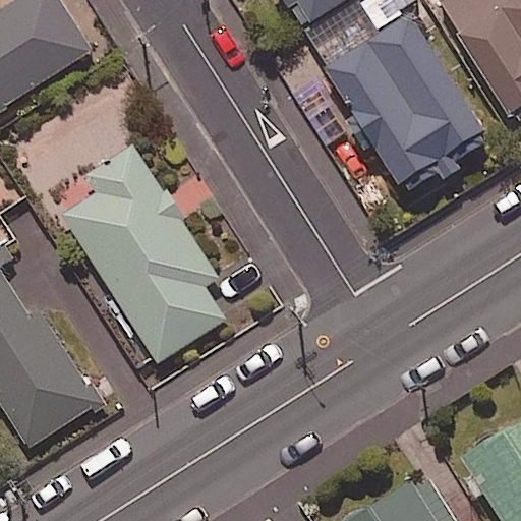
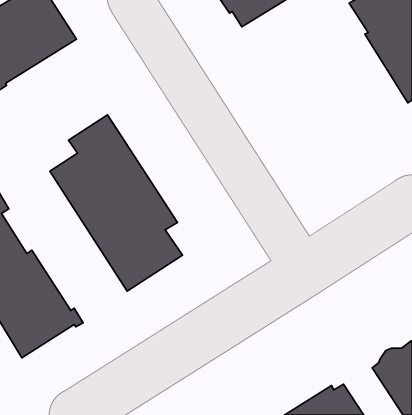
building: [305,4,488,198] -> none

